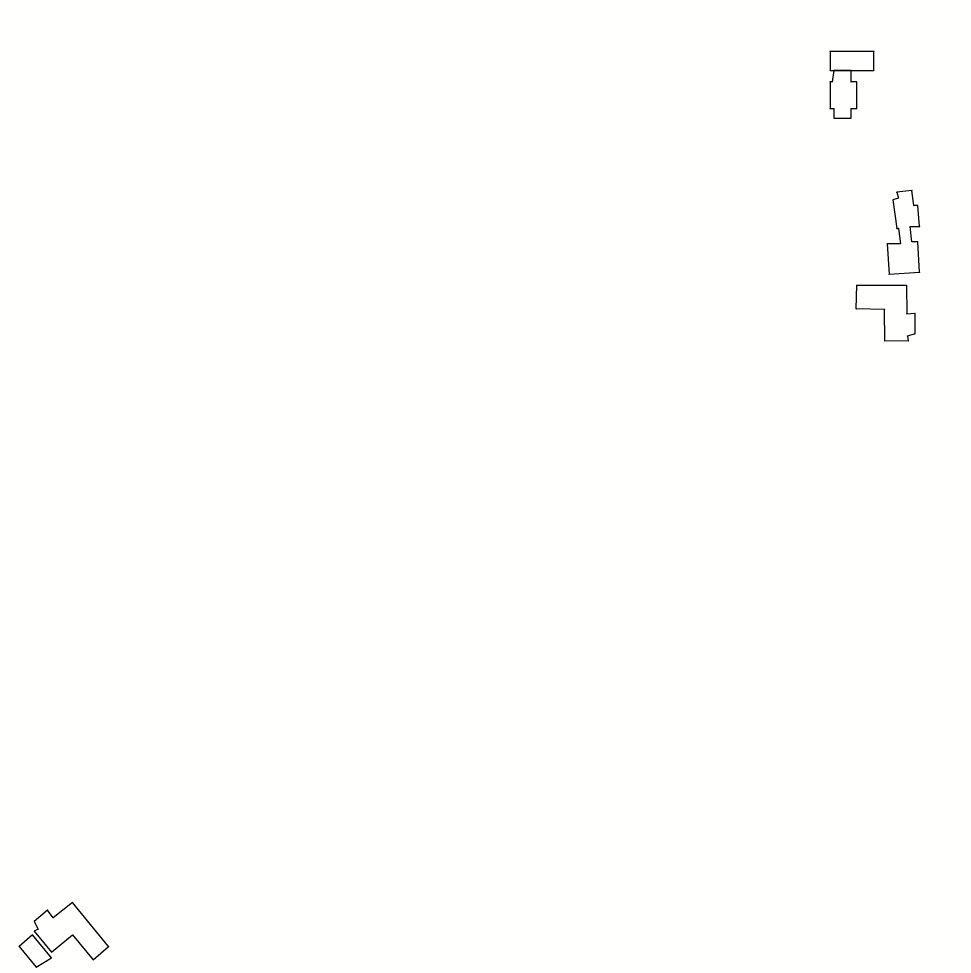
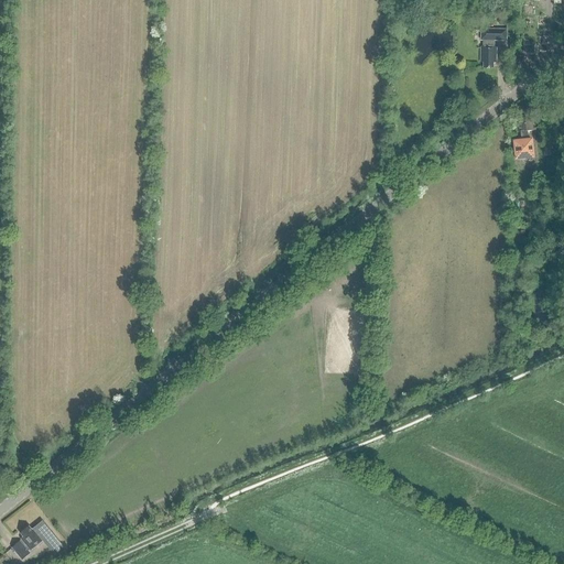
building: [856,285,915,341] -> none

